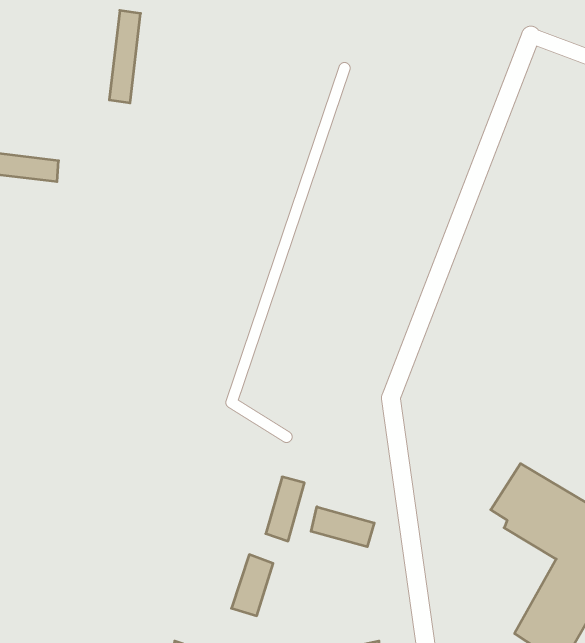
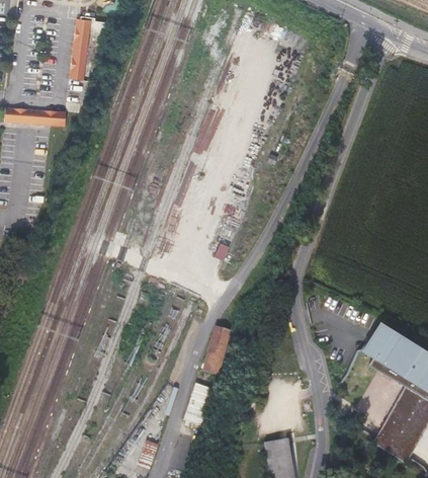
building: [109,10,141,103] -> [70,18,91,81]
building: [311,507,374,547] -> none

